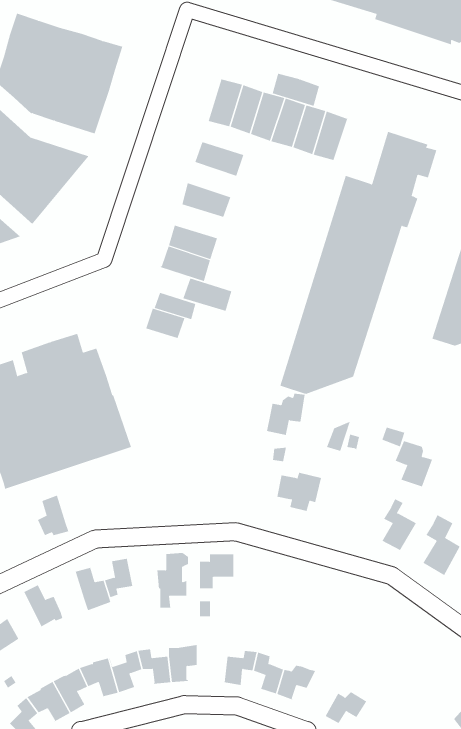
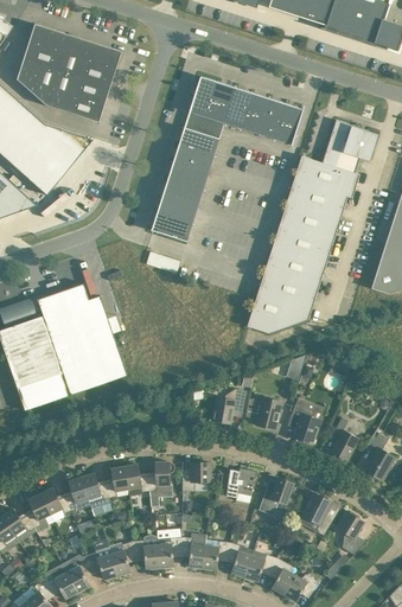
building: [272,73,320,107] -> [184,111,223,139]
building: none -> [172,145,212,173]
building: [182,278,232,312] -> [161,179,202,206]
building: [145,308,185,339] -> none
building: [266,393,306,435] -> [212,389,244,423]
building: [395,440,433,487] -> [288,404,319,442]
building: [37,495,69,536] -> [64,477,90,510]
building: none -> [123,464,148,496]
building: none -> [225,468,256,503]
building: none -> [257,478,293,518]
building: none -> [301,492,333,535]
building: none -> [26,493,53,532]
building: none -> [336,511,365,554]
building: none -> [180,532,205,567]
building: none -> [269,557,294,594]

